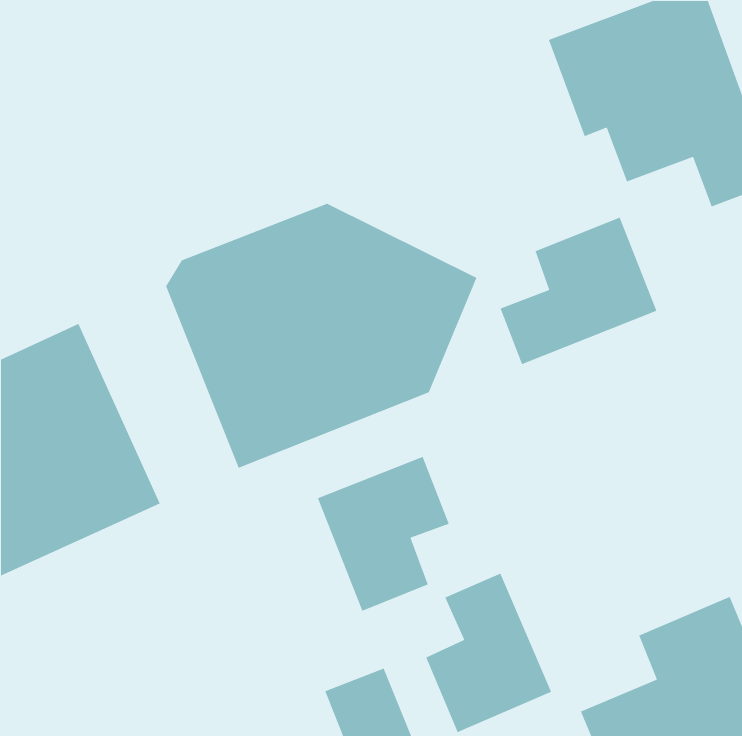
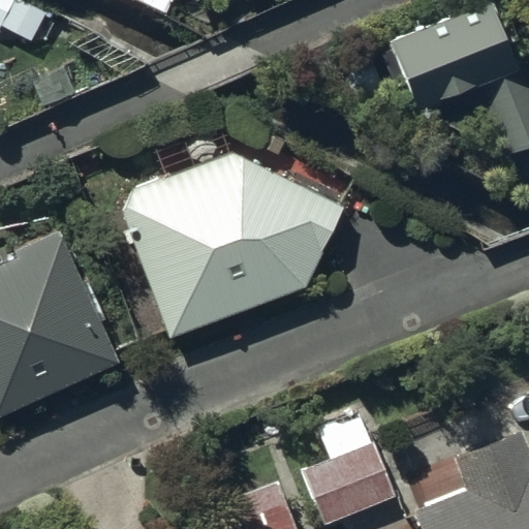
building: [500,216,657,365] -> none
building: [317,456,450,612] -> none

